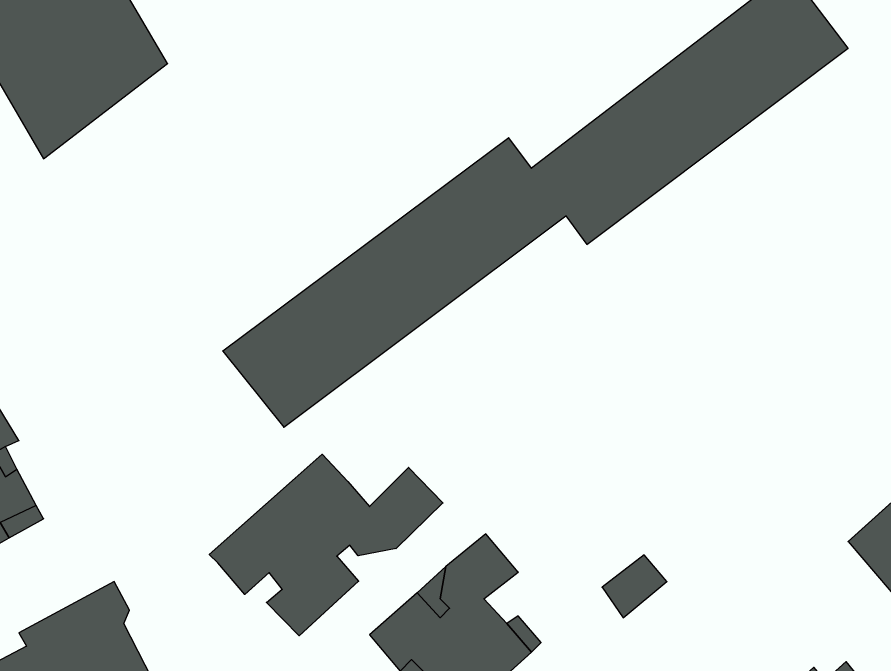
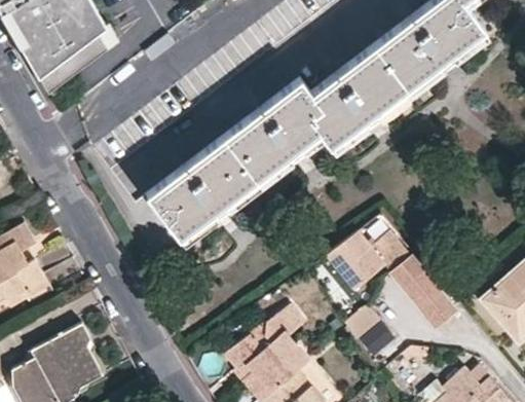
building: none -> [330,230,455,330]
building: [209,454,443,636] -> none

